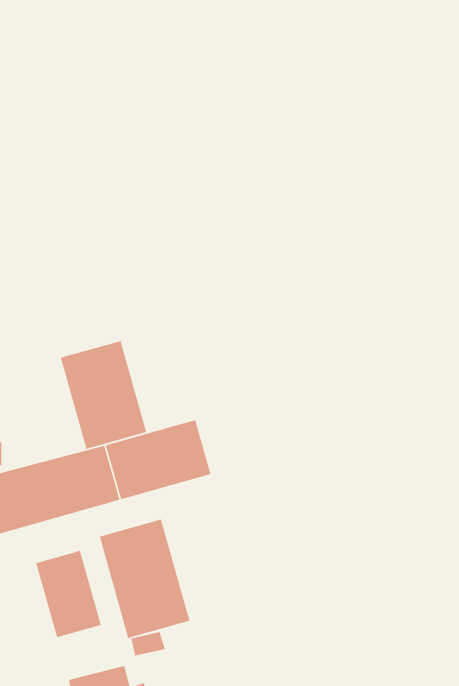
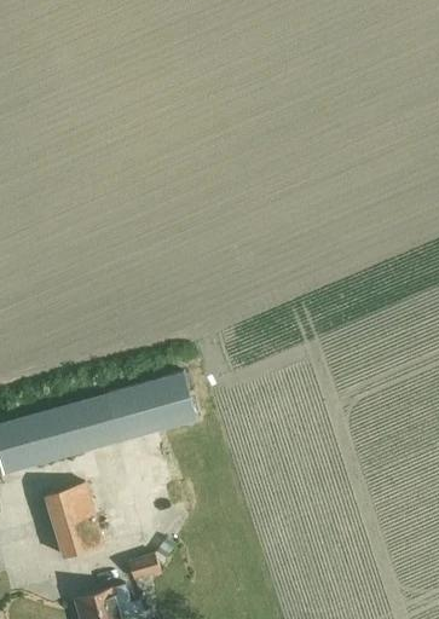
building: [60,340,147,450] -> none
building: [99,519,190,639] -> none

